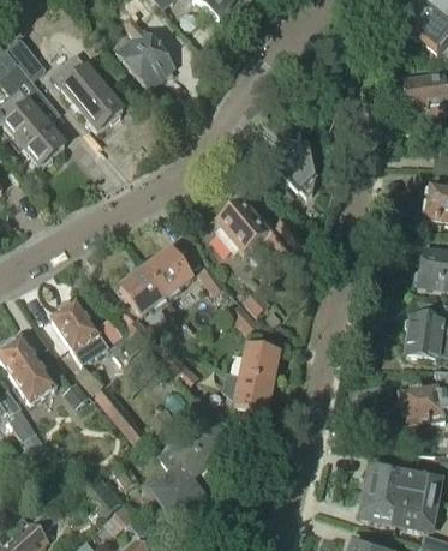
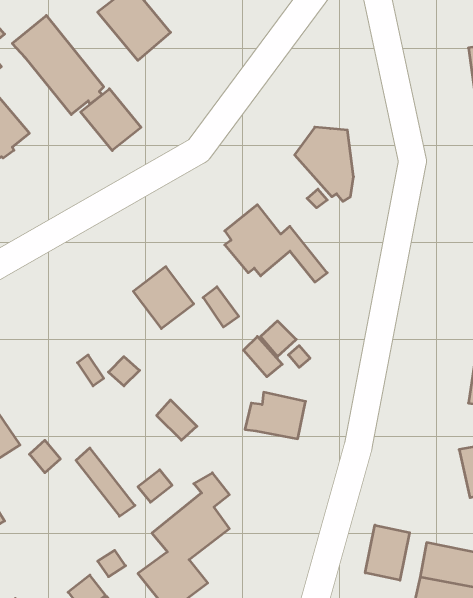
building: none -> [81,89,141,151]
building: [120,268,167,315] -> none
building: [52,300,108,363] -> none
building: [234,376,273,411] -> none
building: none -> [365,525,410,580]

